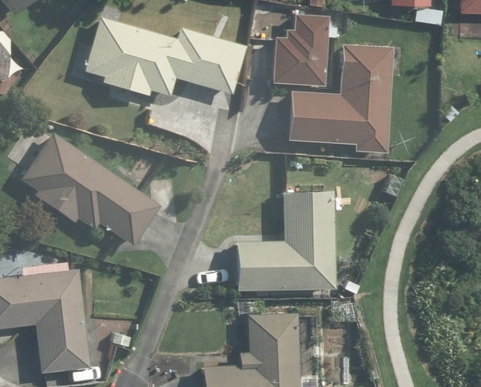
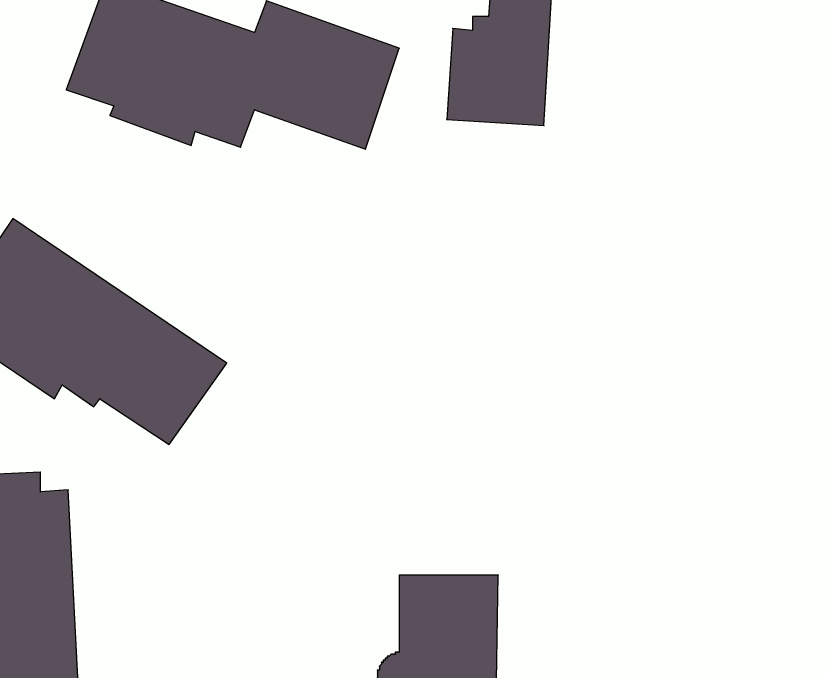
building: [287,43,393,153] -> none
building: [238,195,337,291] -> none

